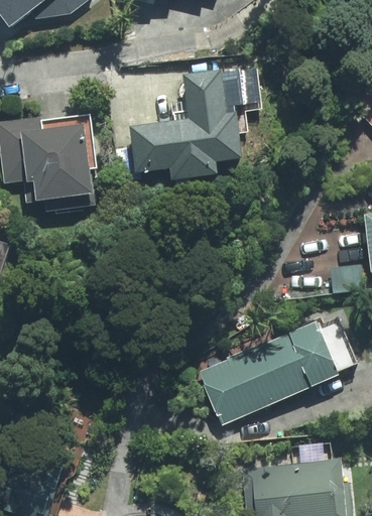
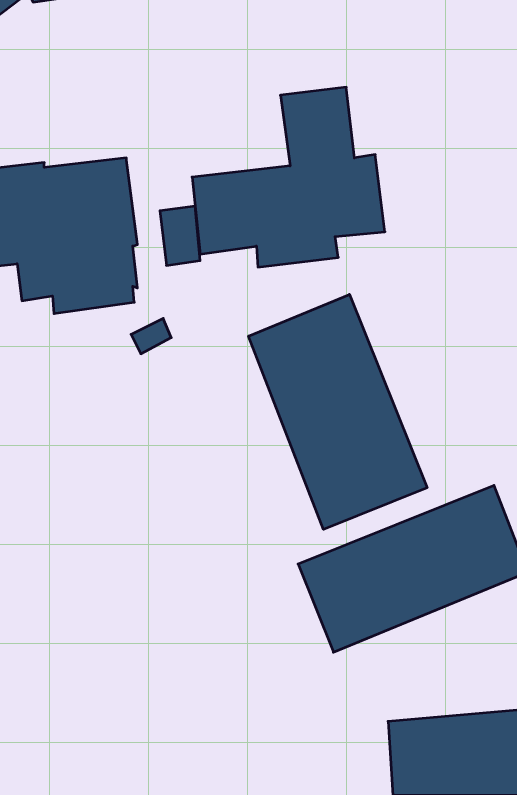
building: none -> [249,294,427,529]

